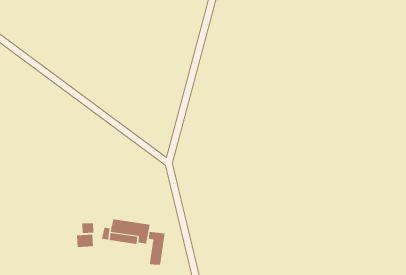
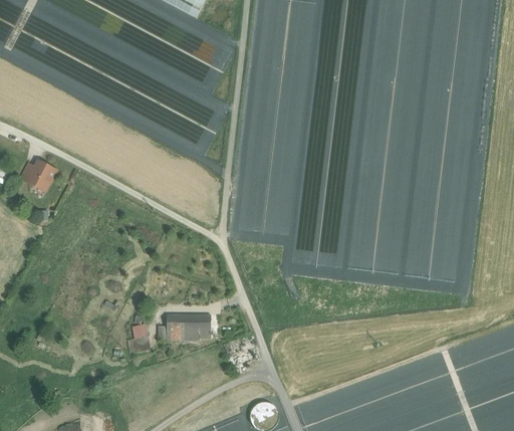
building: none -> [29,161,56,186]
building: [148,231,165,265] -> none

